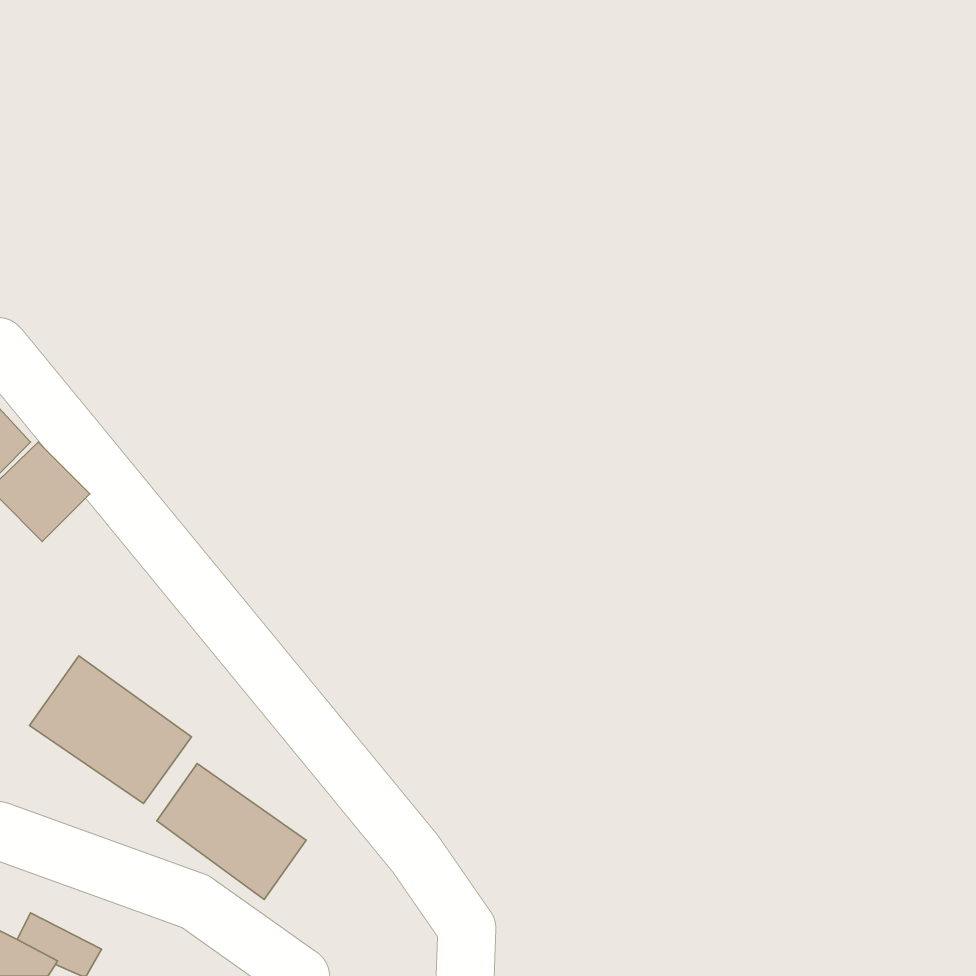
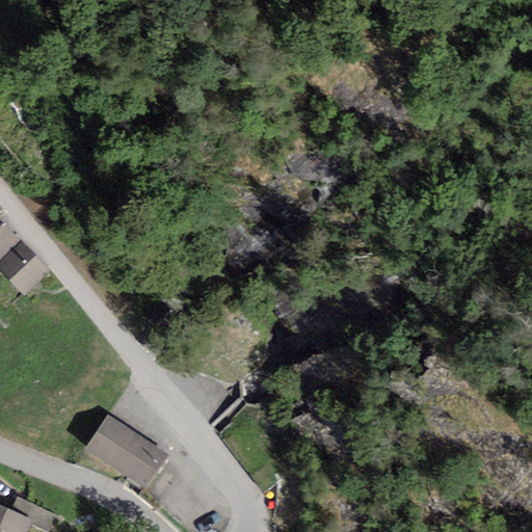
building: [29,656,192,804] -> none

